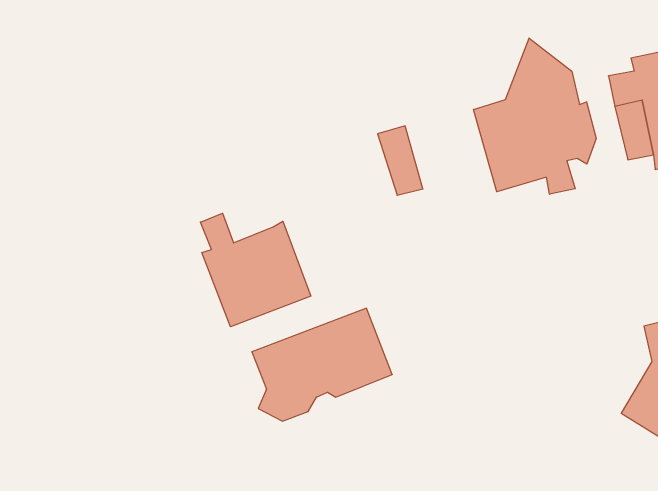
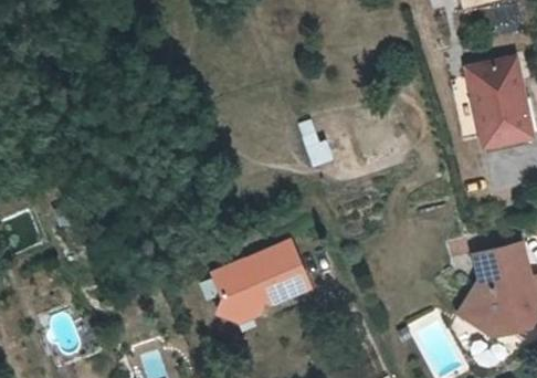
building: [474,38,596,194] -> none
building: [200,213,311,327] -> none

